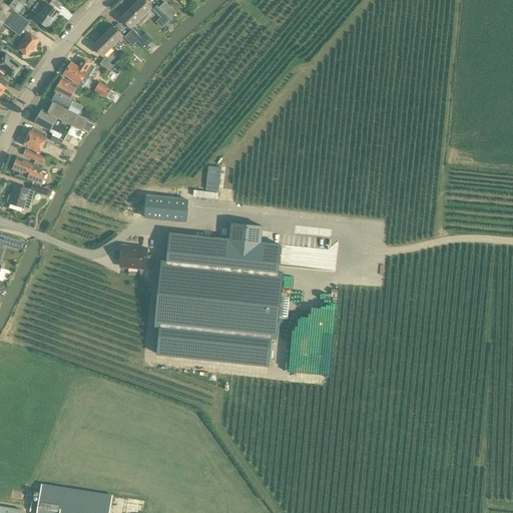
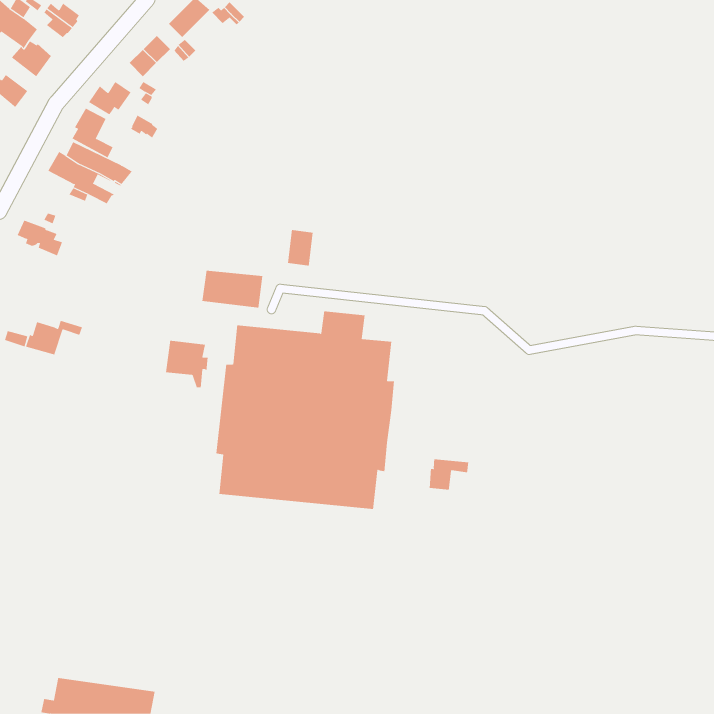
building: [24,127,47,152] -> none
building: [7,183,48,208] -> [25,320,83,355]
building: none -> [429,458,469,491]

